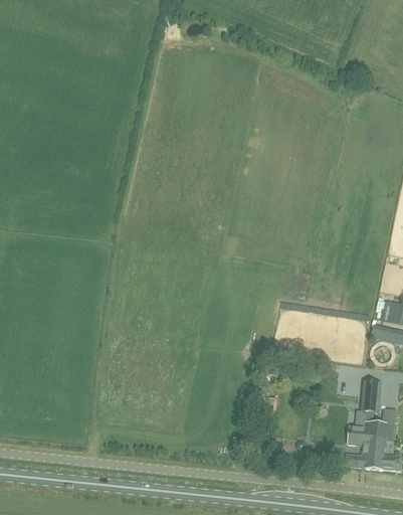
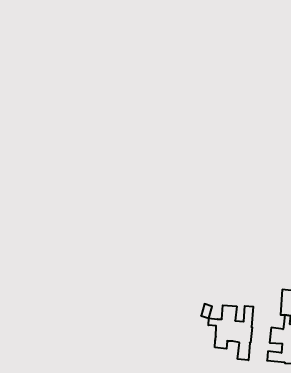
building: none -> [208,305,253,360]

